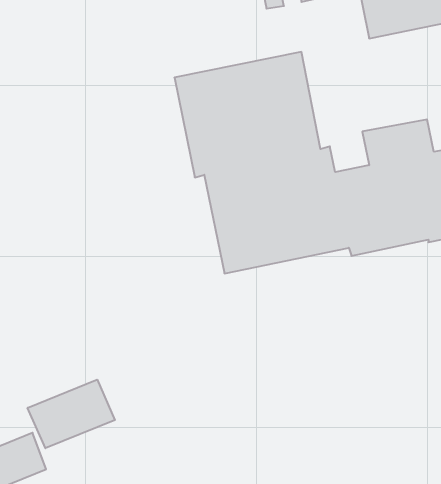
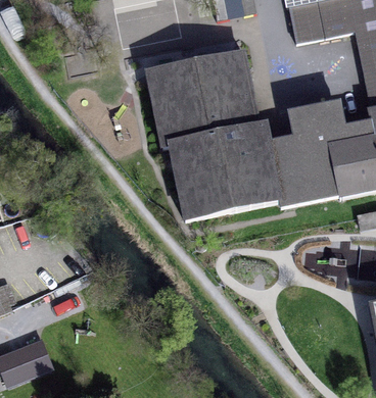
building: [28,380,115,448] -> none

